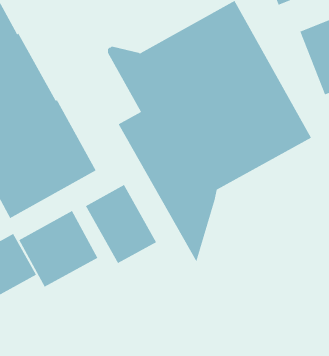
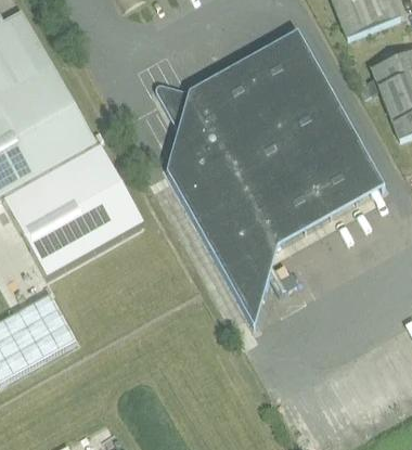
building: [85,184,157,264] -> none
building: [18,210,98,288] -> none

